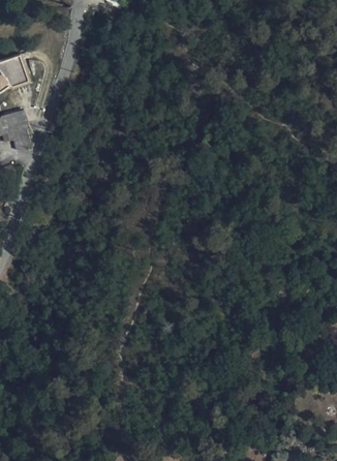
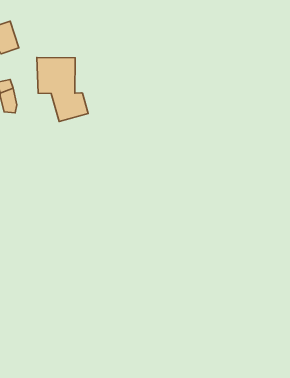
building: none -> [37,58,88,122]

